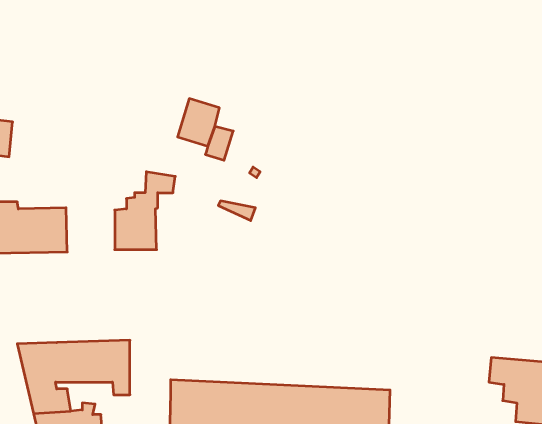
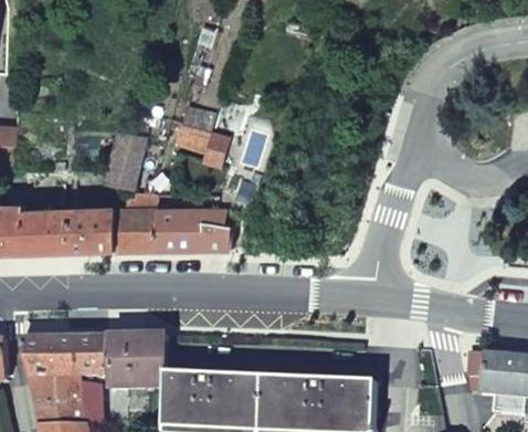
building: none -> [104,131,141,189]
building: none -> [67,180,114,252]
building: none -> [152,209,230,250]
building: none -> [128,335,167,388]

